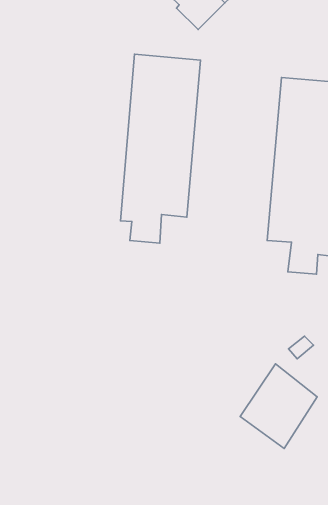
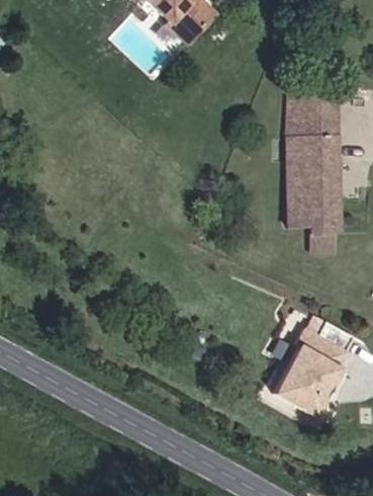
building: [120,54,201,243] -> none

